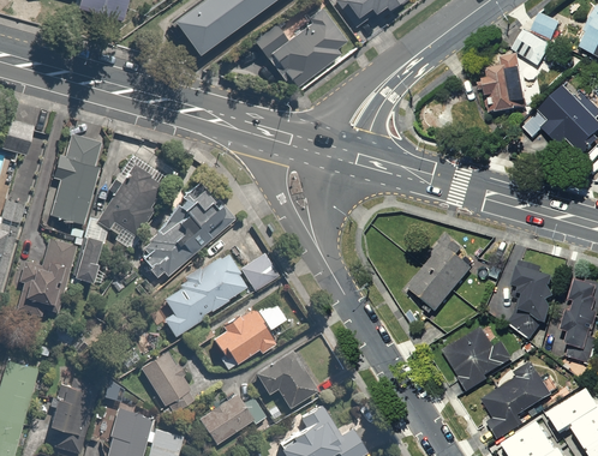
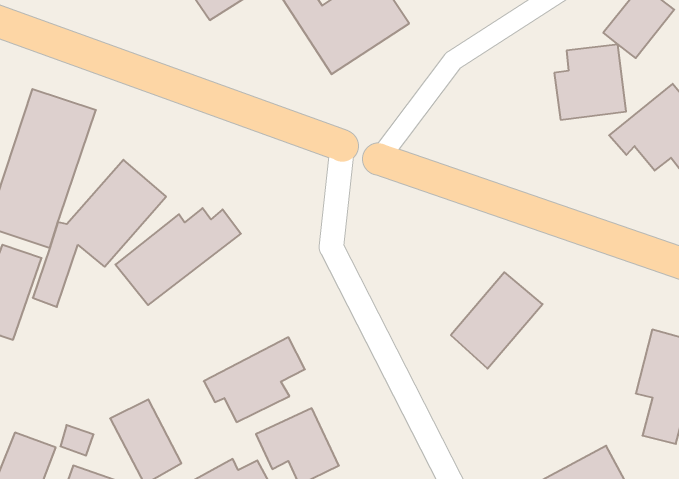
building: [163,253,280,338] -> none
building: [496,254,557,336] -> none
building: [436,324,513,389] -> none

